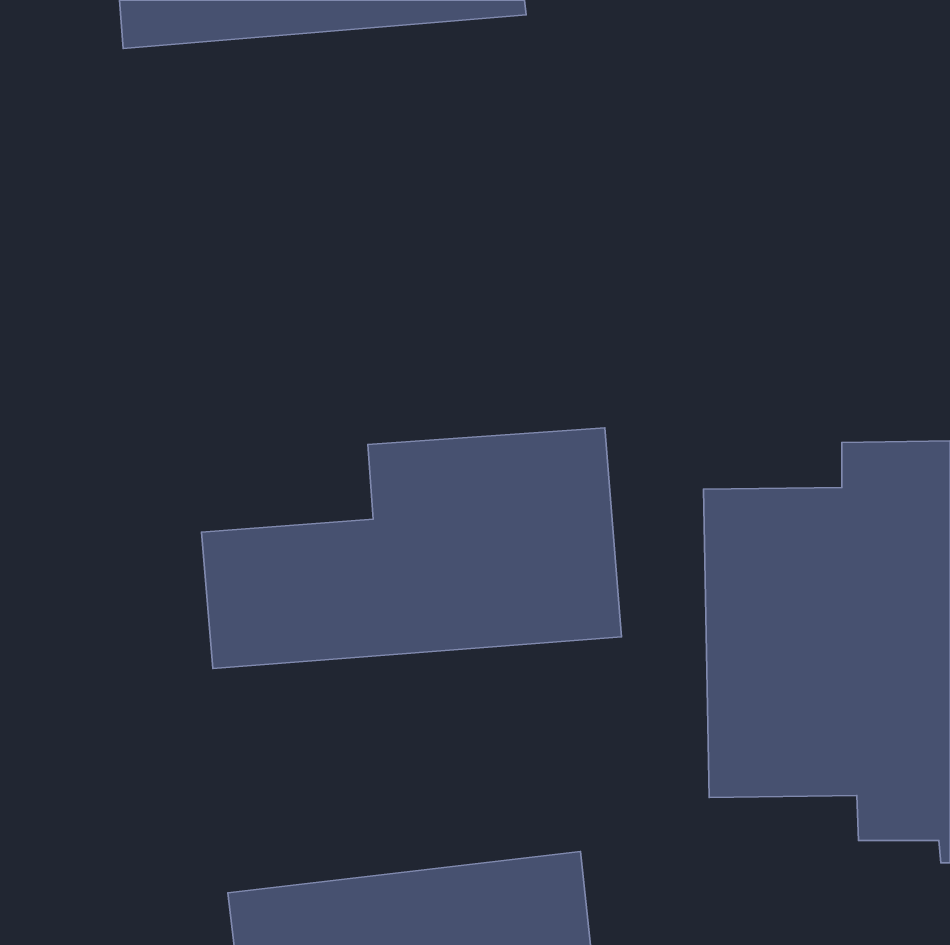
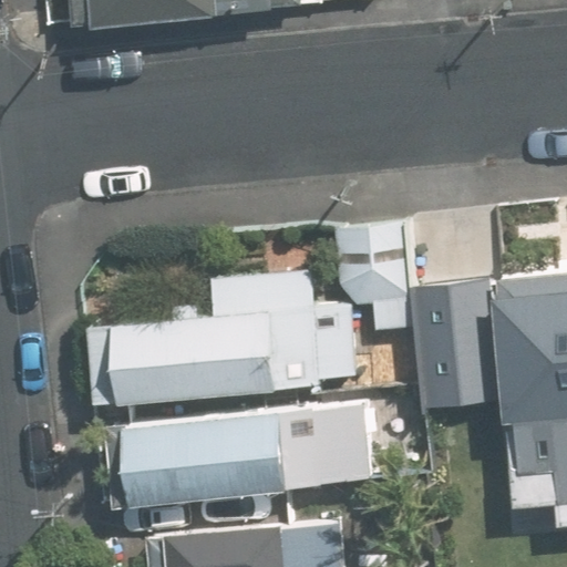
building: none -> [122,396,384,511]

